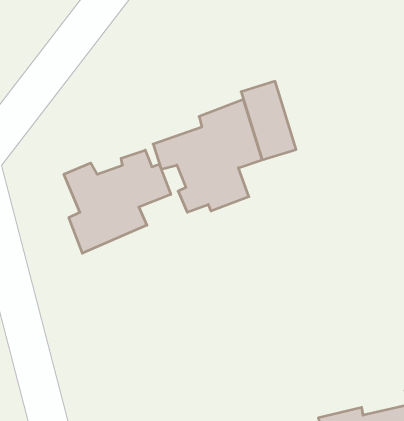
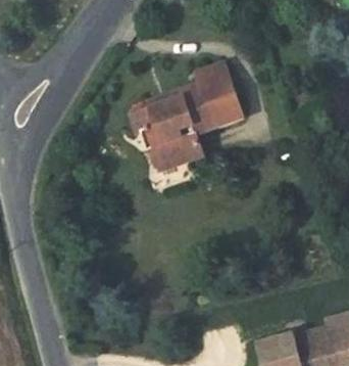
building: [64,150,171,253] -> none

